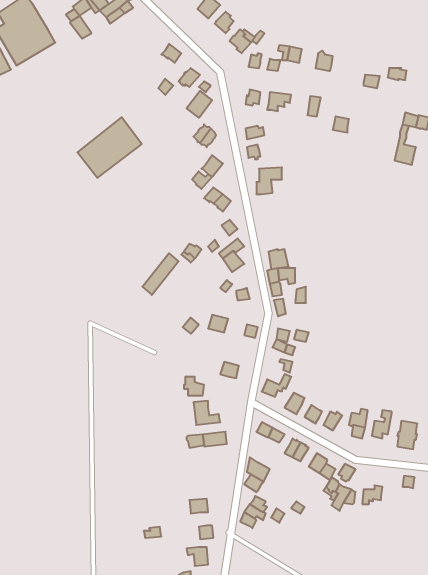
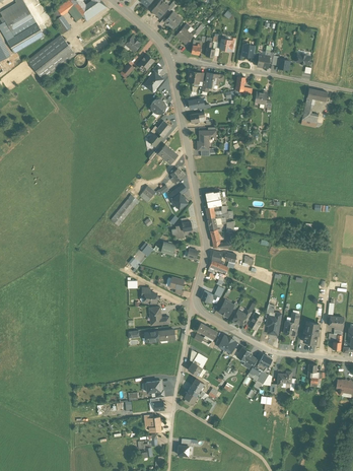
building: [77,117,142,178] -> [26,35,75,80]

